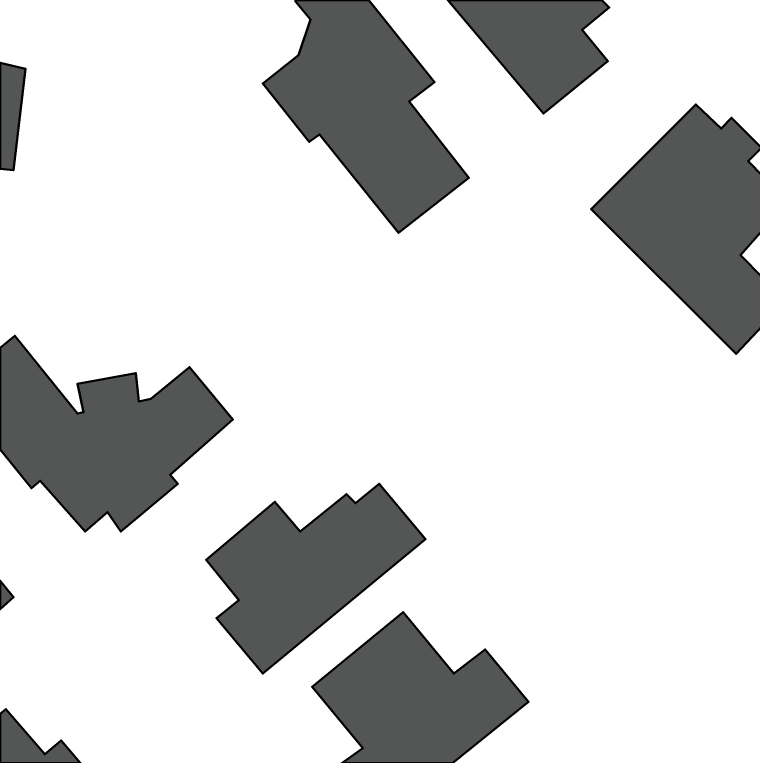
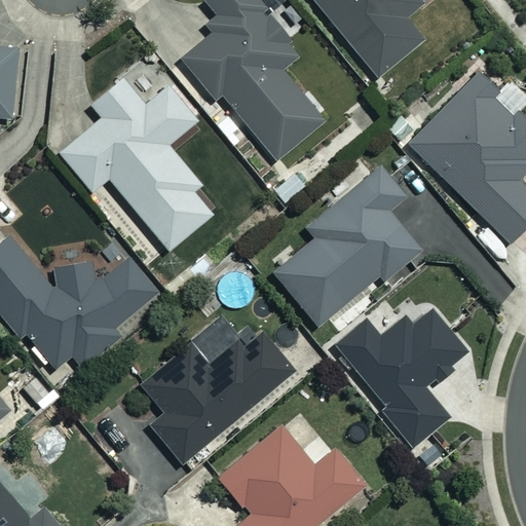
building: none -> [61,55,213,249]
building: none -> [273,165,421,325]
building: none -> [336,308,467,447]

